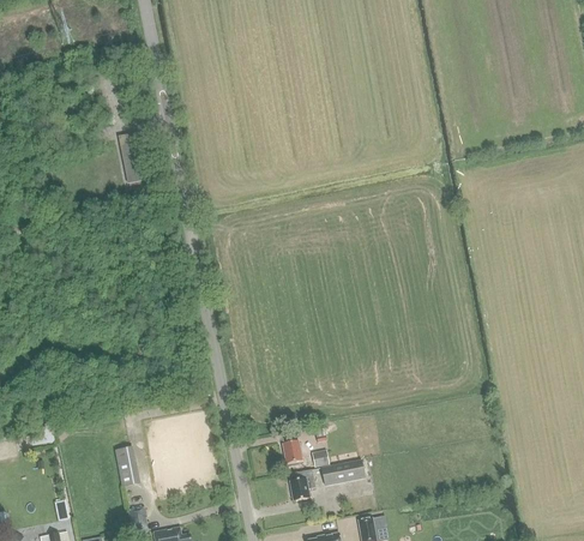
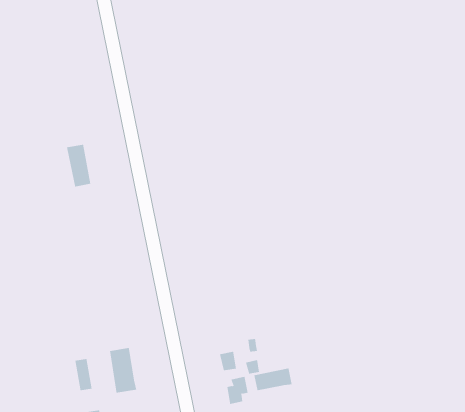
building: [118,132,146,181] -> [66,144,91,187]
building: none -> [110,347,137,394]

